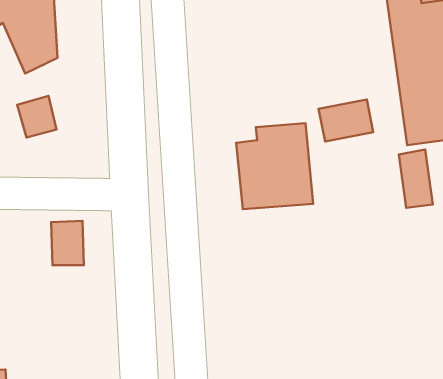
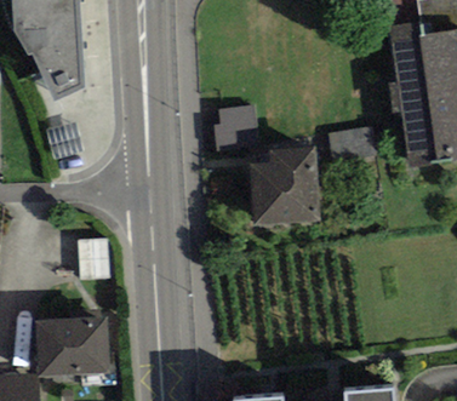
building: none -> [213,105,258,153]
building: [399,150,433,208] -> none
building: none -> [35,310,110,376]

